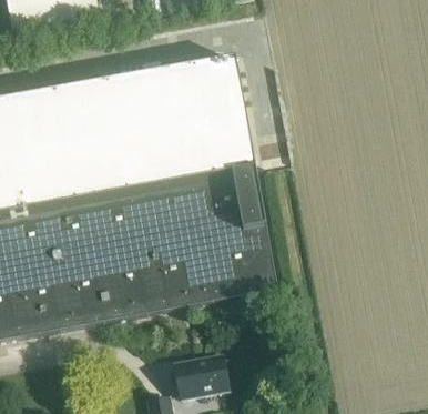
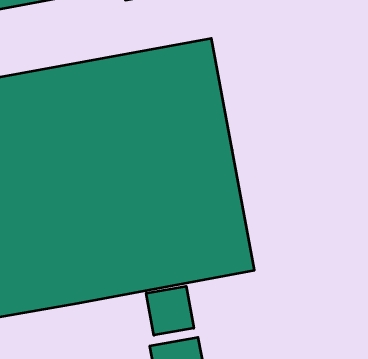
building: none -> [146,286,194,335]

